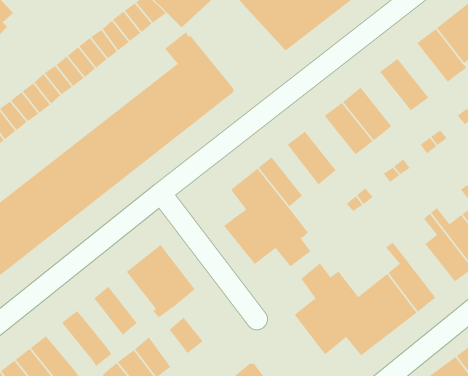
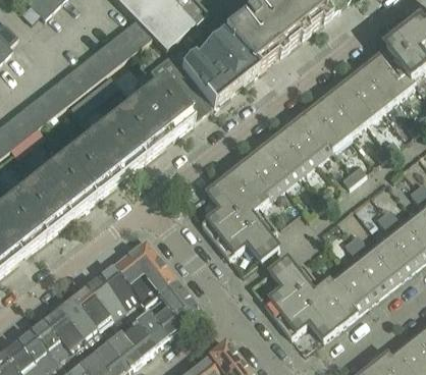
building: none -> [177,31,257,103]
building: none -> [356,61,400,109]
building: none -> [323,87,367,135]
building: none -> [274,125,318,173]
building: none -> [245,151,285,196]
building: none -> [352,231,406,285]
building: none -> [101,263,145,316]
building: none -> [159,278,203,324]
building: none -> [73,286,117,329]
building: none -> [46,308,86,351]
building: none -> [137,310,170,346]

